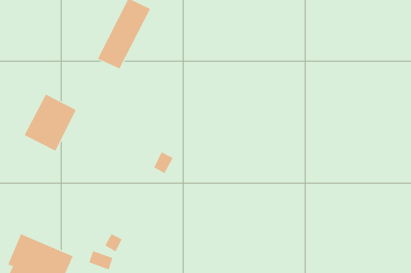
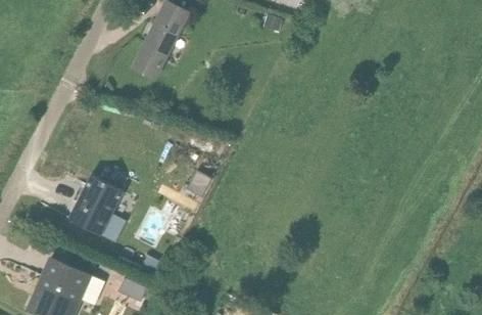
building: [24,94,77,151] -> [61,187,118,250]

